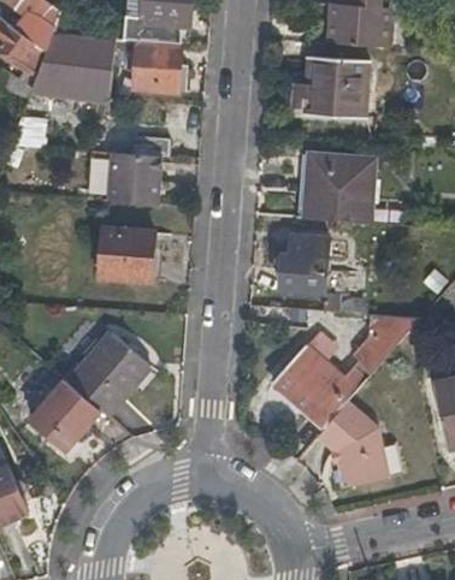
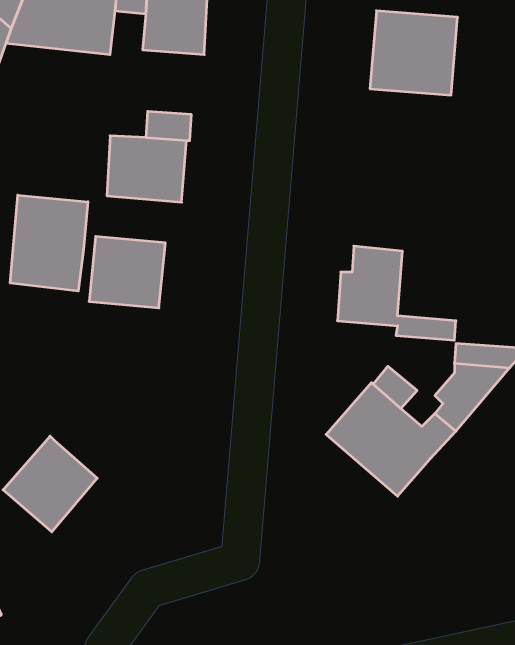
building: [301,156,373,224] -> none
building: none -> [10,195,88,291]
building: [69,331,152,416] -> none
building: [315,395,390,481] -> none

